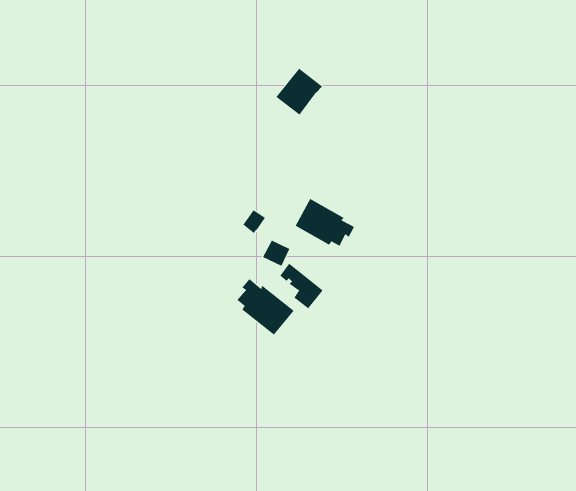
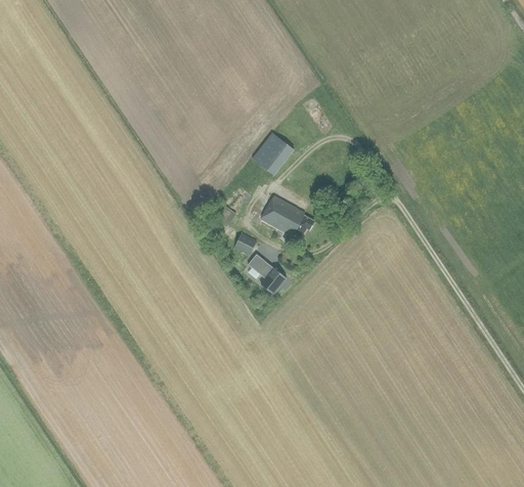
building: [276,68,323,115] -> [252,133,294,175]
building: [236,278,295,336] -> none

